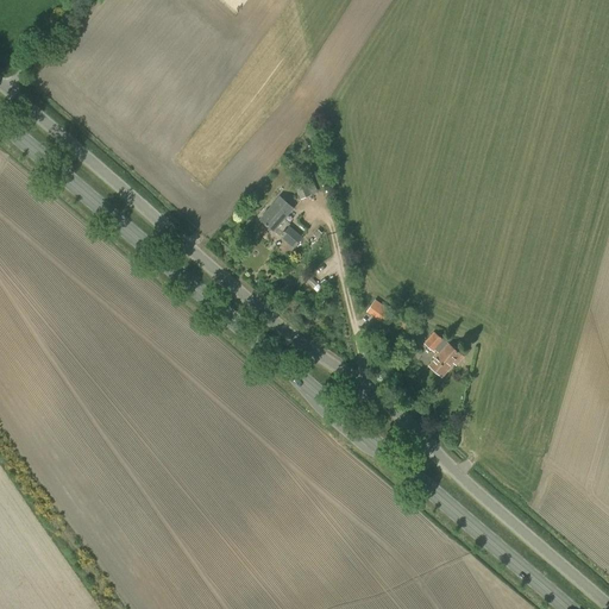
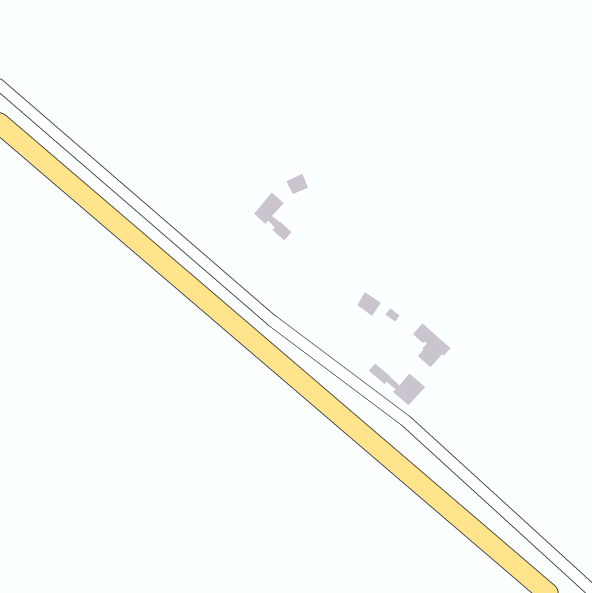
building: none -> [368,362,426,406]

